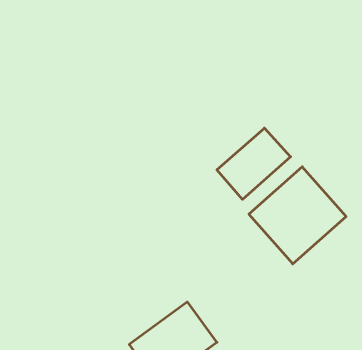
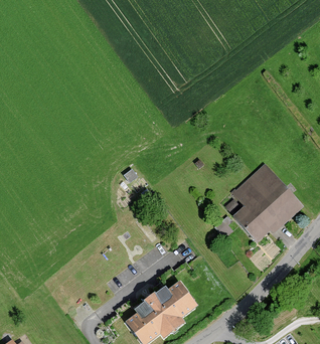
building: [217,128,291,199] -> none

